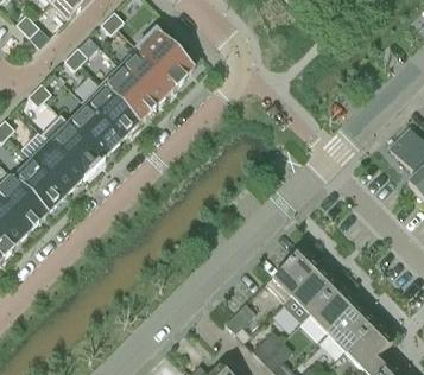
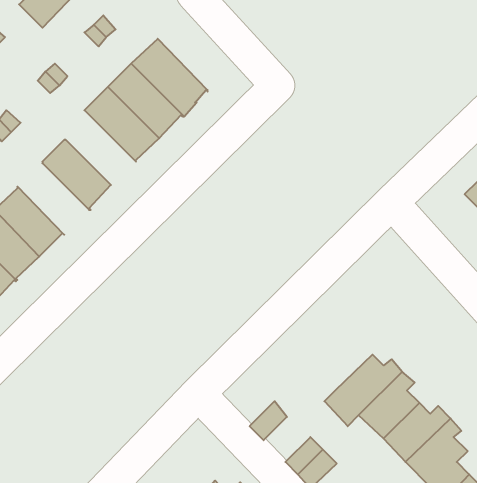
building: [81,84,139,141] -> none
building: [40,116,103,179] -> none
building: [266,246,319,303] -> none

